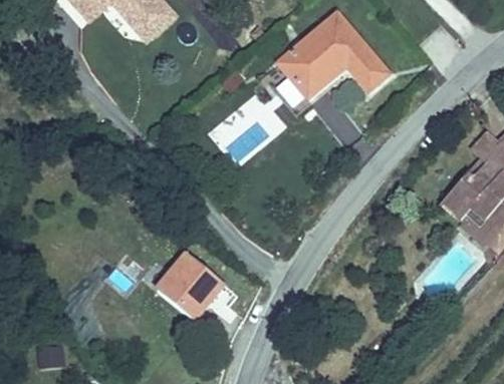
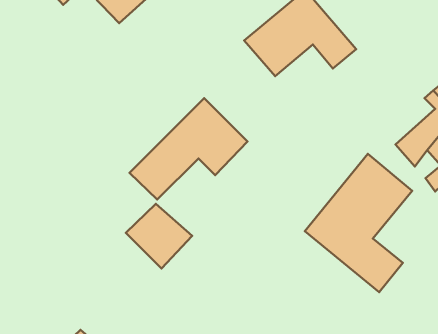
building: none -> [129,98,248,200]
building: none -> [305,154,412,292]

